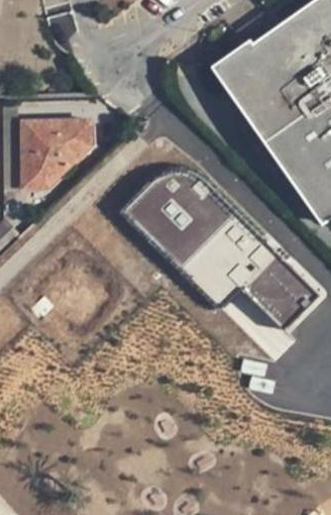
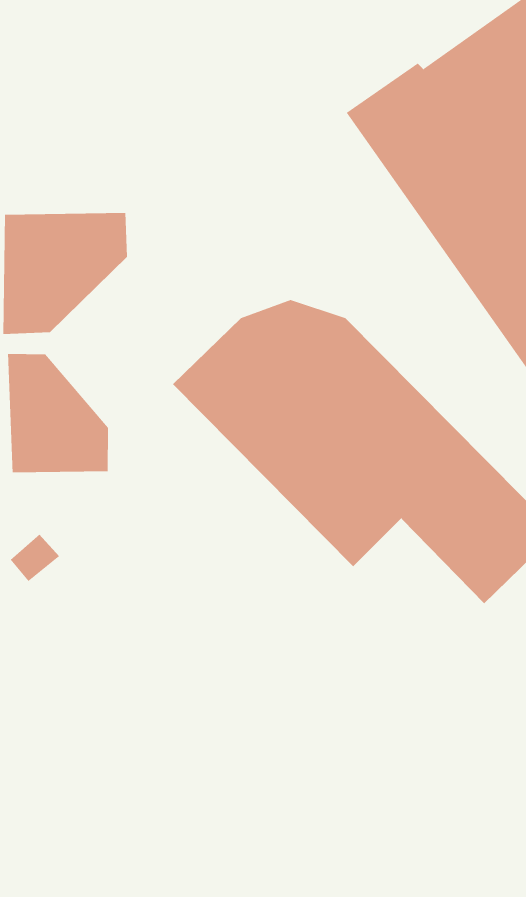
building: none -> [7,353,109,473]

